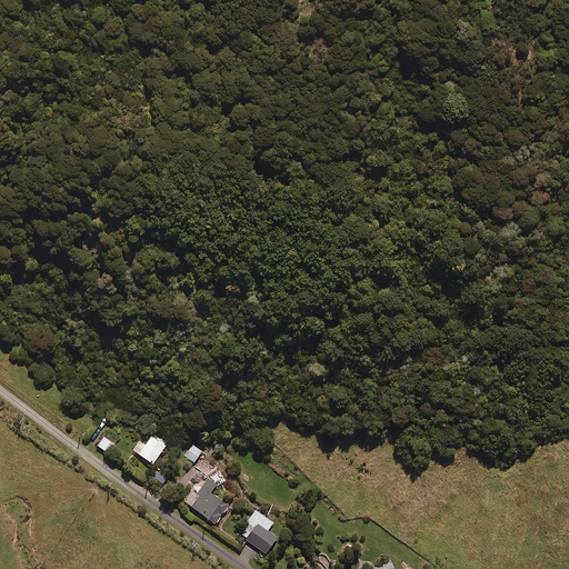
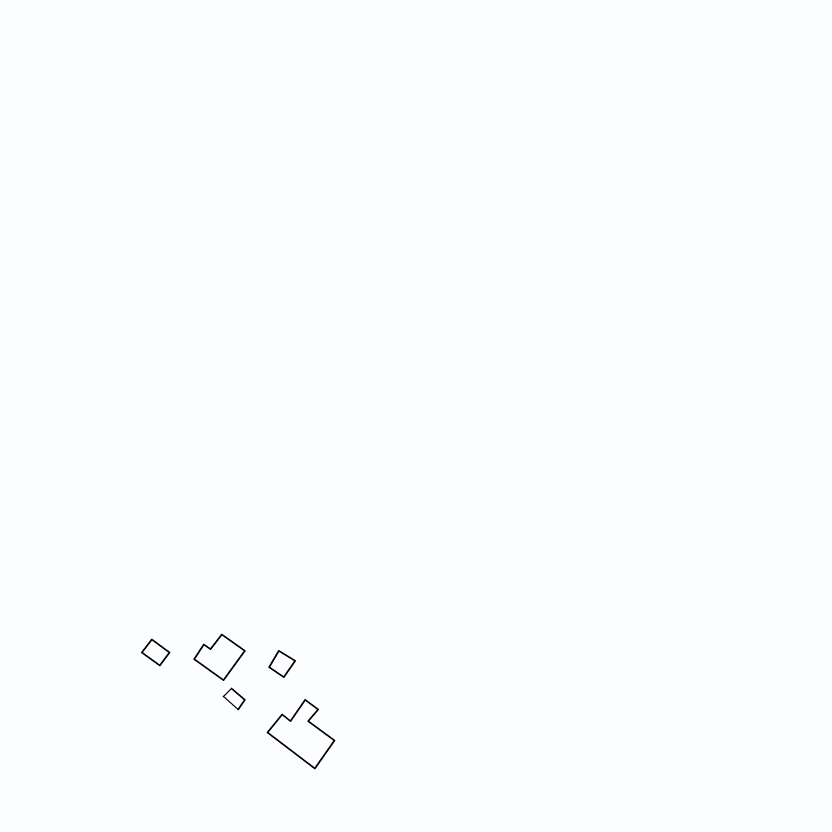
building: [246,509,277,553] -> none

